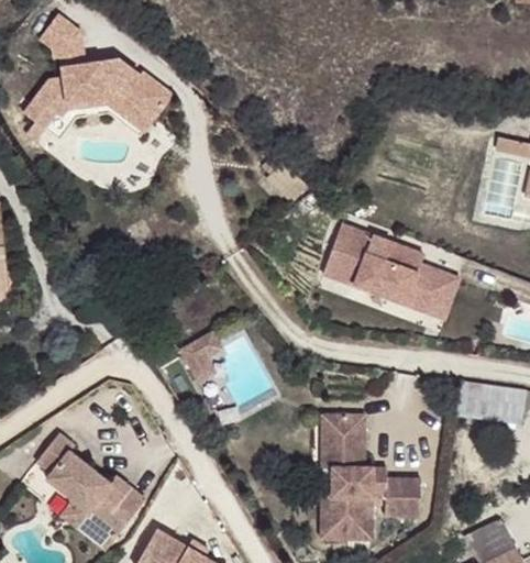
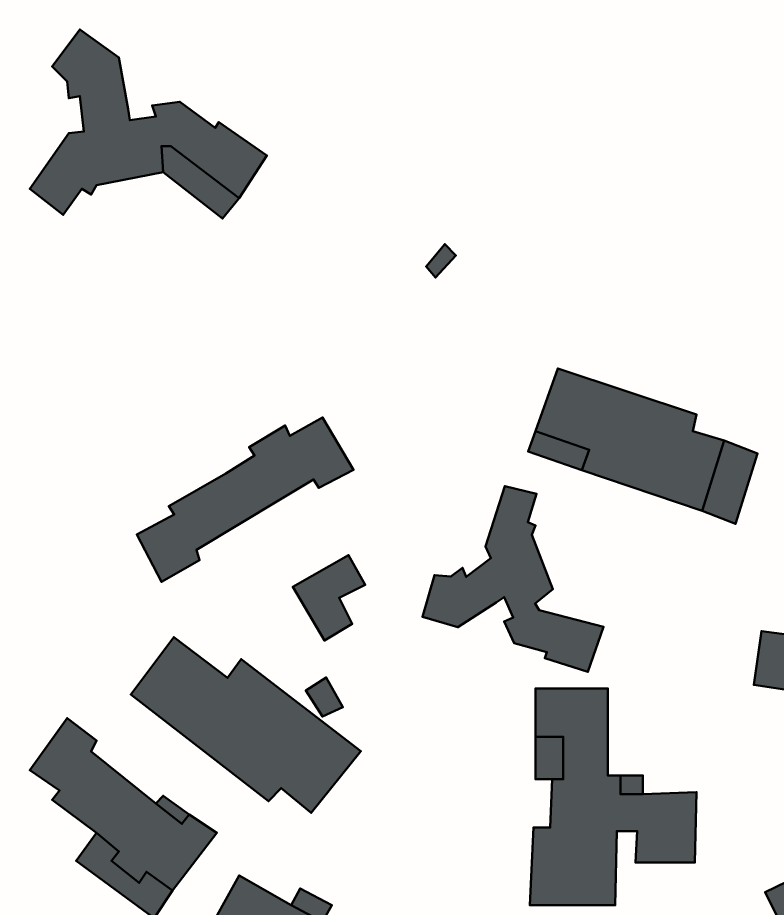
building: none -> [137,418,354,582]
building: none -> [422,486,604,672]
building: none -> [131,637,361,813]

